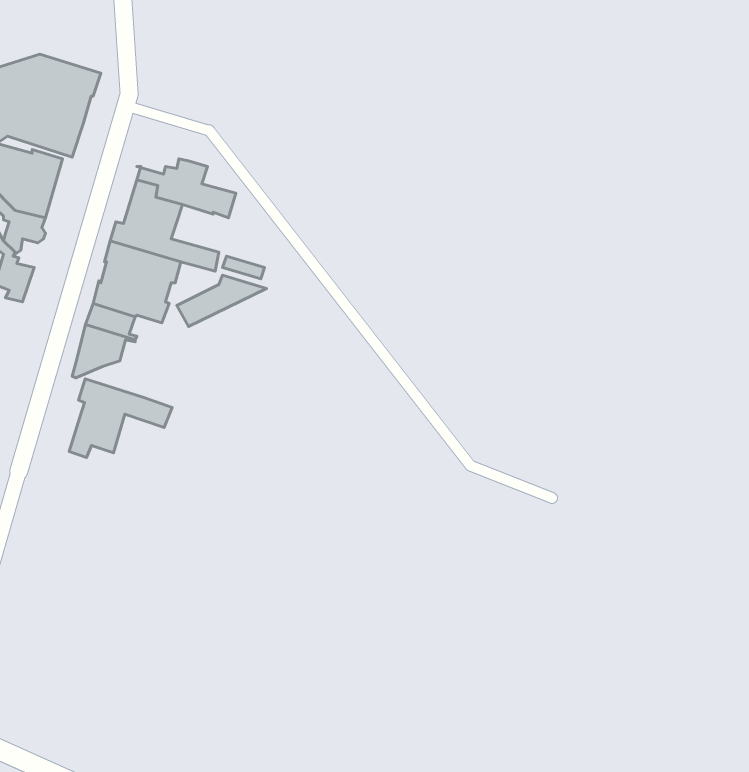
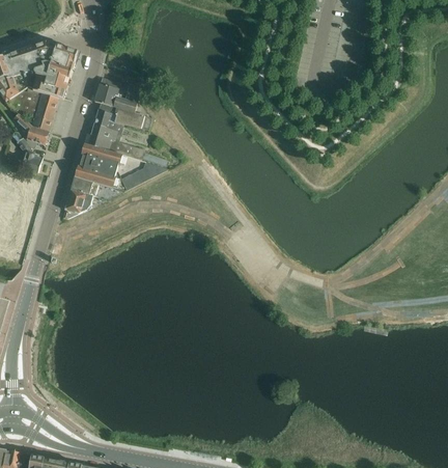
building: none -> [91,78,125,107]
building: [69,379,172,457] -> none

